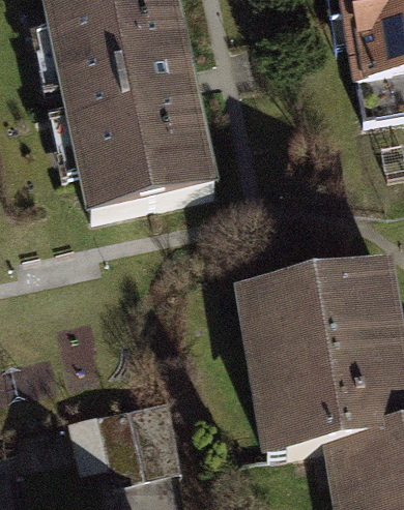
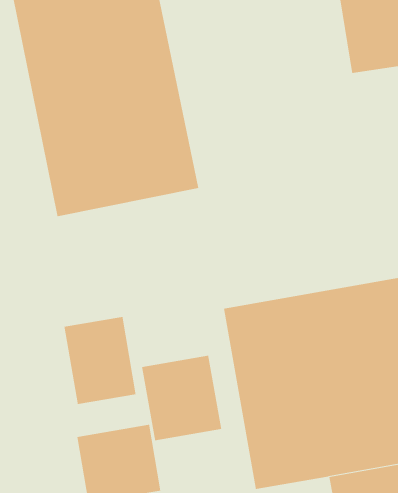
building: none -> [64,316,136,405]
building: none -> [142,355,222,441]

